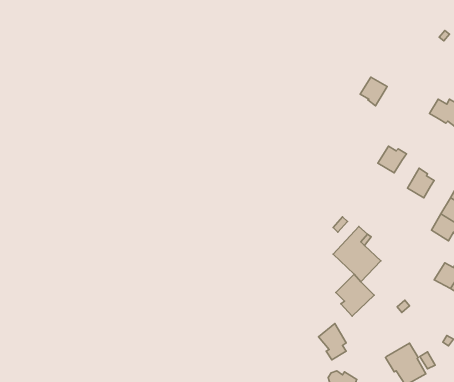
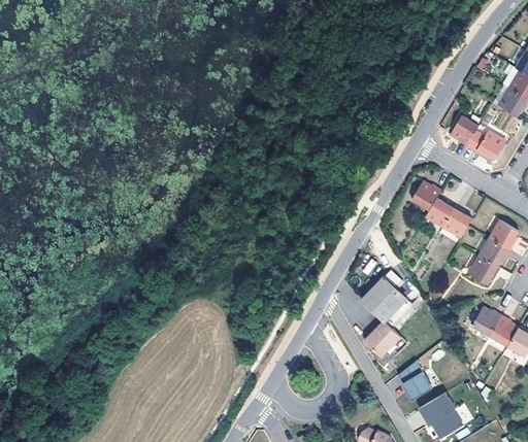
building: [360,77,387,106] -> [449,116,477,147]
building: none -> [424,198,454,228]
building: [318,324,346,360] -> [399,361,429,400]

